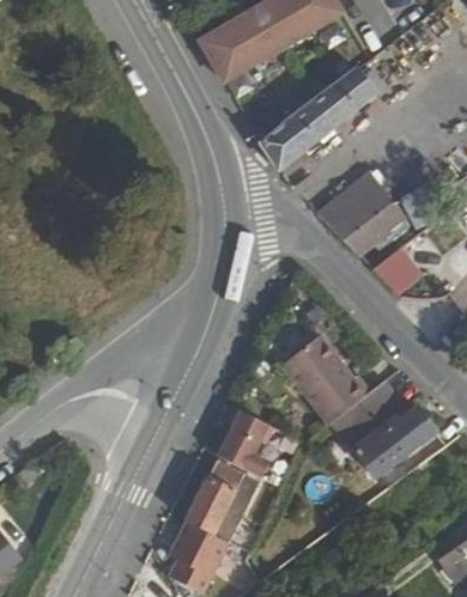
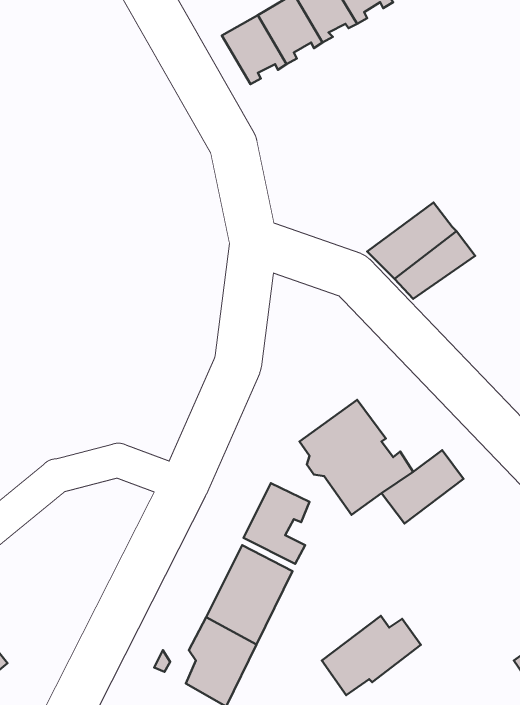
building: [260,67,380,170] -> none
building: [374,243,424,293] -> none
building: [351,406,433,471] -> [322,616,421,695]

